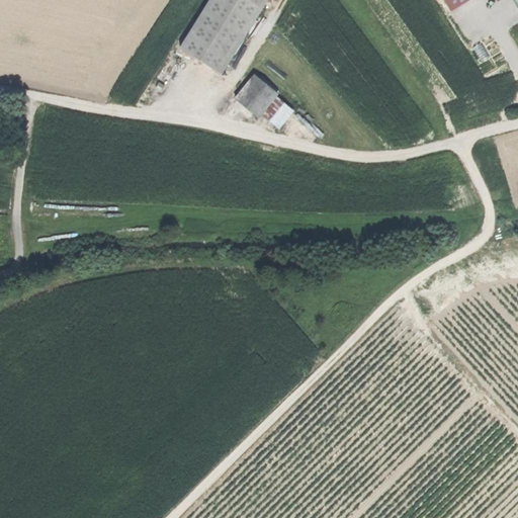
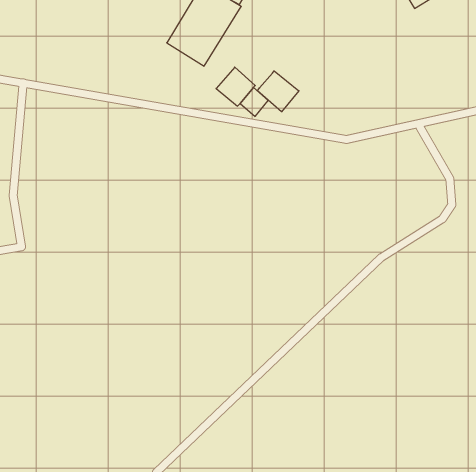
building: none -> [257,71,299,112]

